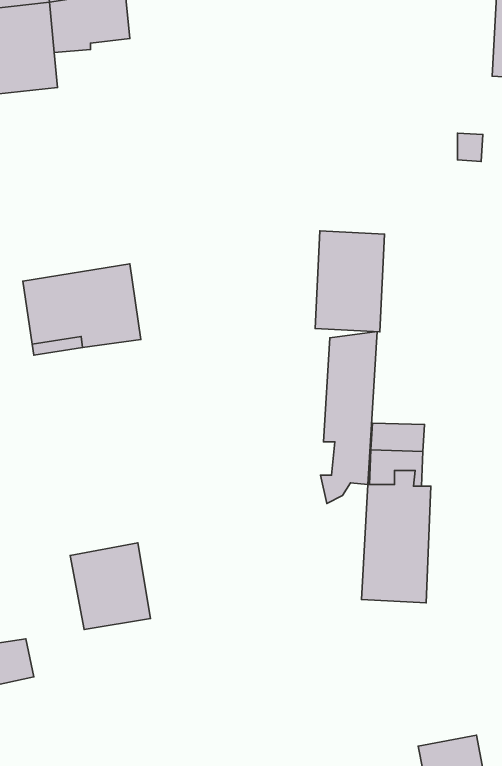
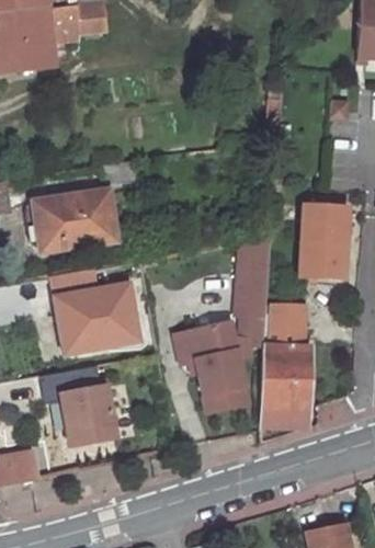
building: [315,231,384,332] -> [300,207,349,277]
building: none -> [49,283,134,352]
building: none -> [186,320,251,411]

